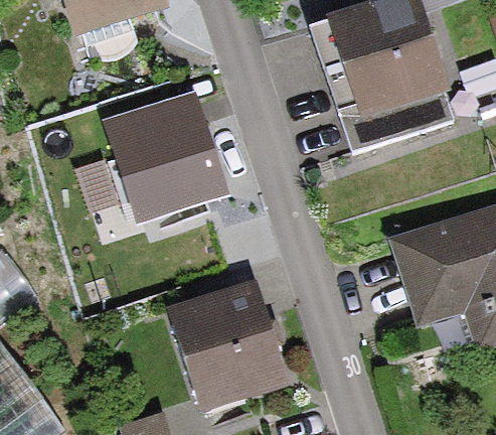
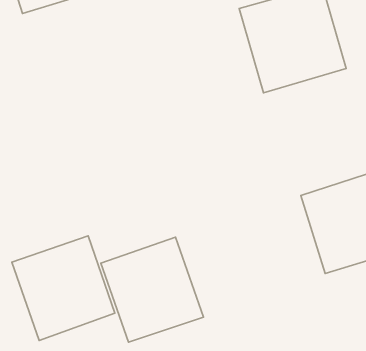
building: [108,98,222,216] -> none
building: none -> [12,236,115,340]

